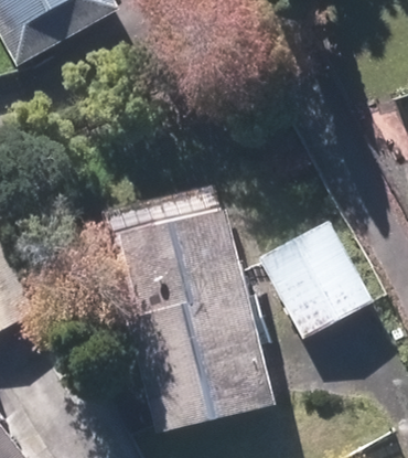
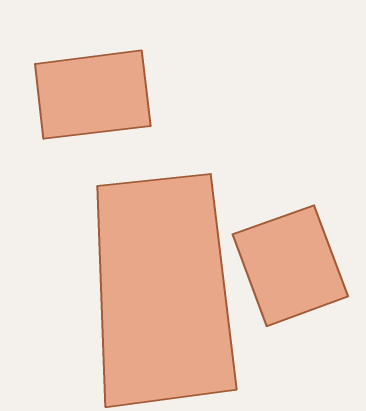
building: none -> [35,50,151,139]

